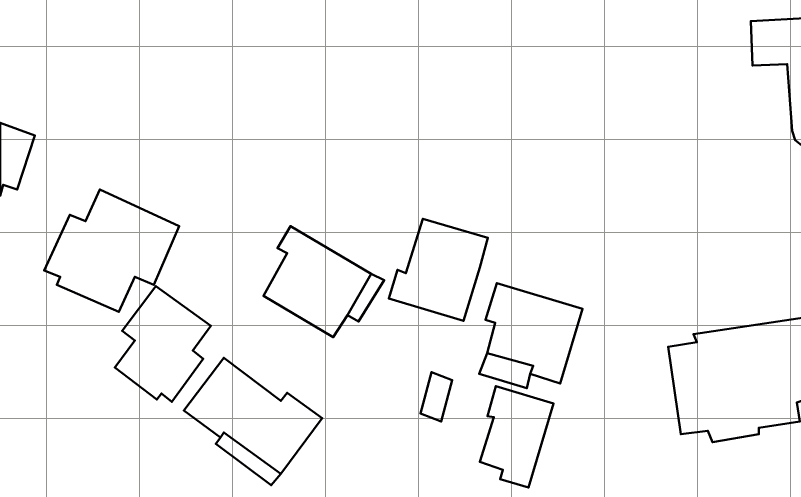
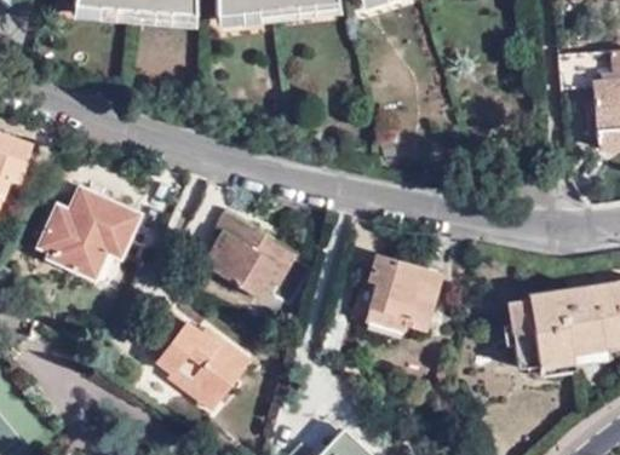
building: [389,219,488,321] -> none
building: [115,286,211,402] -> none
building: [480,386,554,487] -> none

